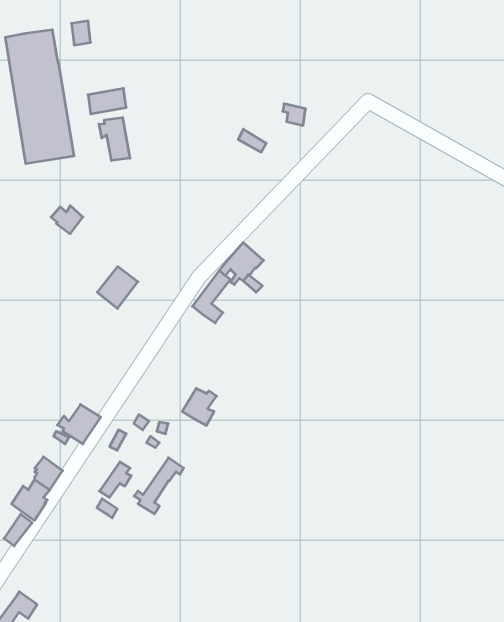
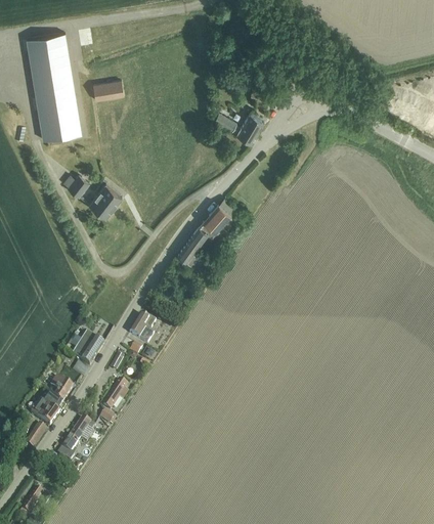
building: [99,118,130,161] -> none
building: none -> [235,113,263,143]
building: [97,267,138,309] -> [88,184,121,218]
building: [182,388,217,425] -> [128,314,156,344]
building: [134,458,184,514] -> [53,418,93,463]

